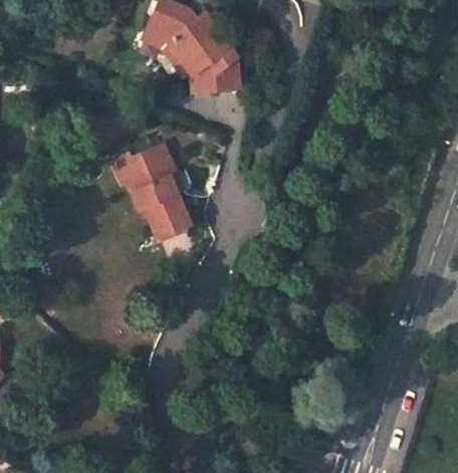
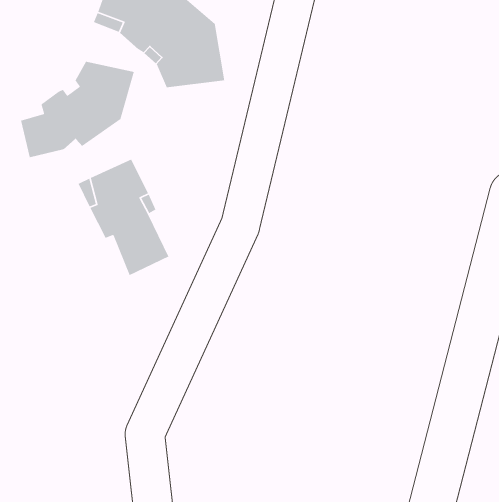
building: none -> [20,61,135,158]

